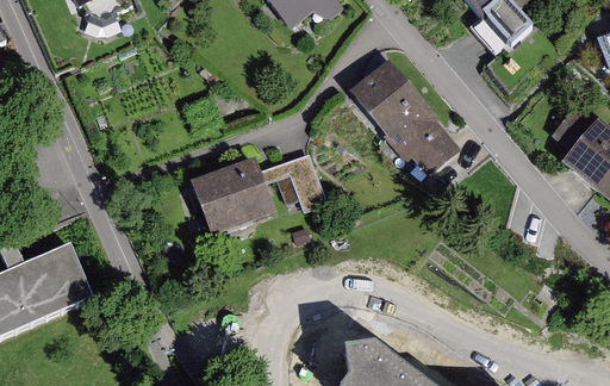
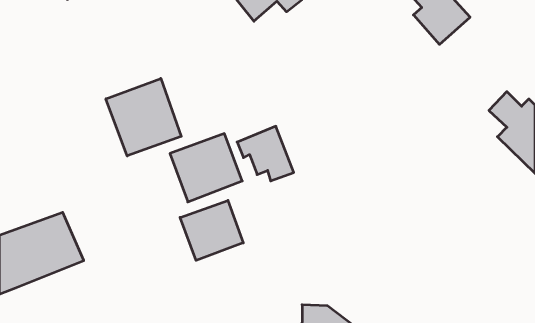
building: [350,58,465,172] -> none
building: none -> [106,78,181,156]
building: none -> [180,200,243,260]

